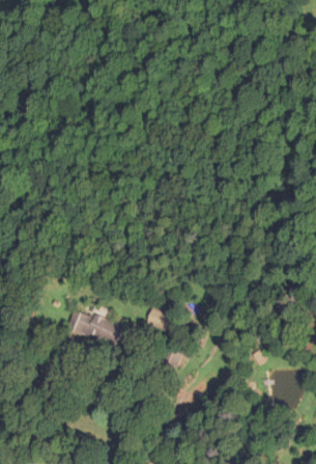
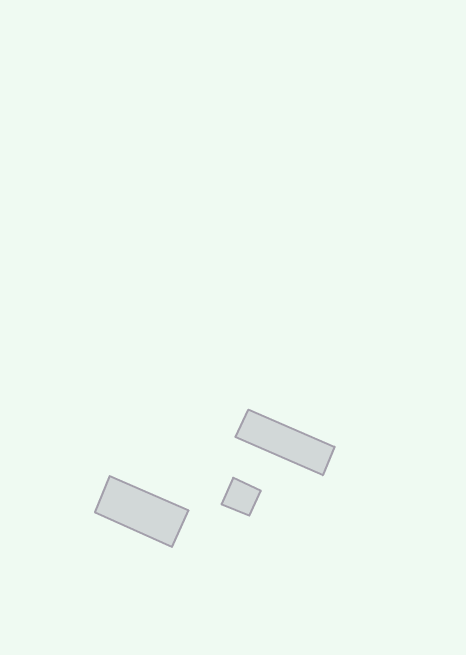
building: none -> [235,410,335,475]

